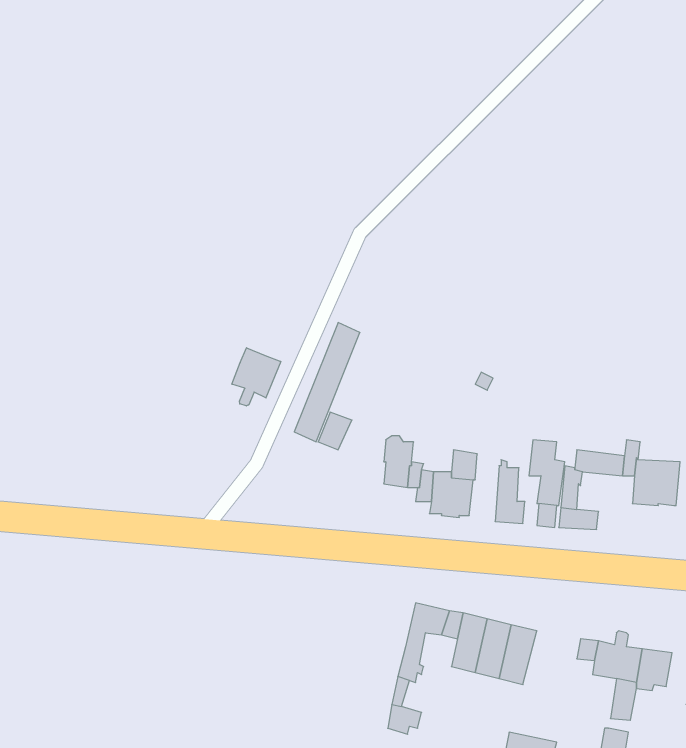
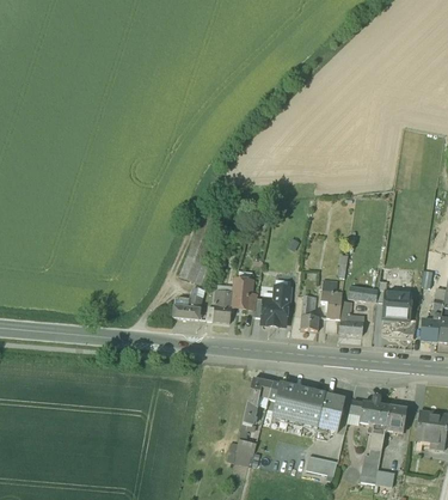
building: [232,348,281,406] -> none
building: none -> [213,291,234,323]
building: none -> [172,294,202,319]
building: none -> [317,395,344,431]

